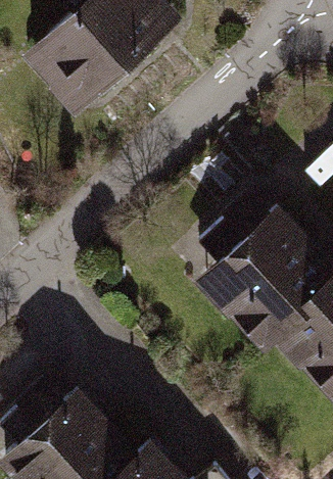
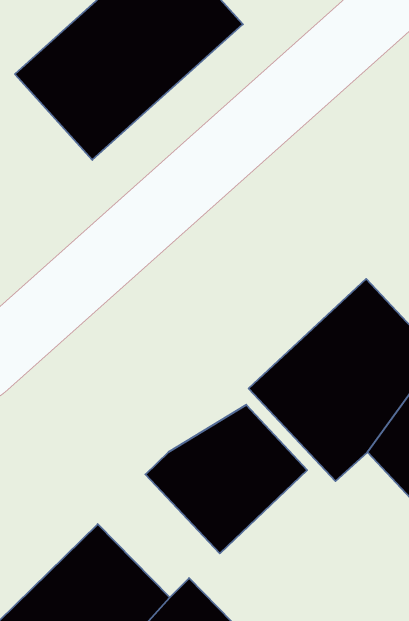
building: none -> [145,405,307,553]

